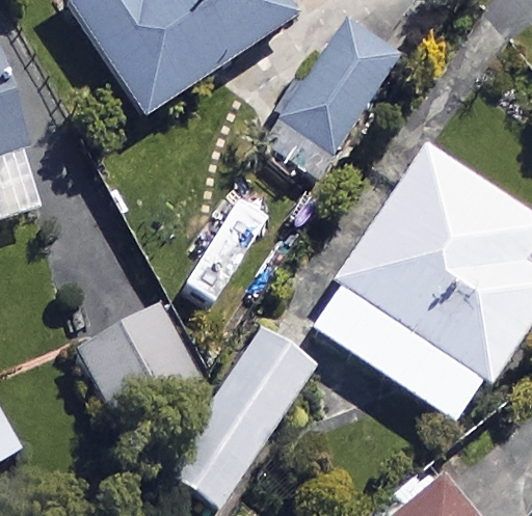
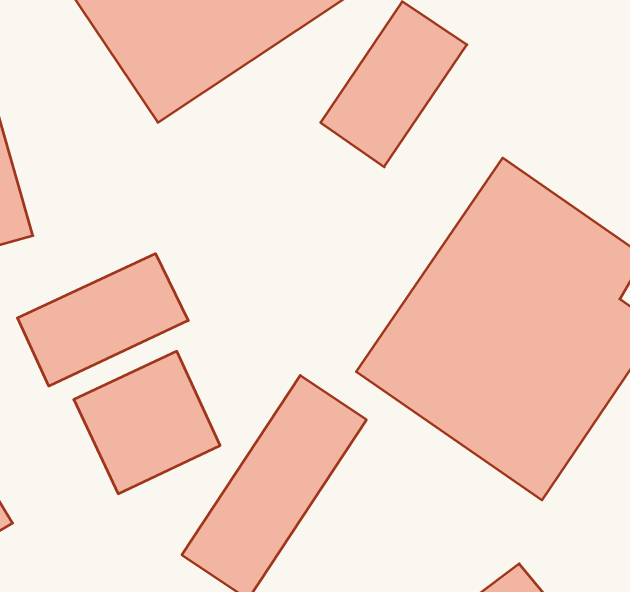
building: none -> [17,254,188,386]

